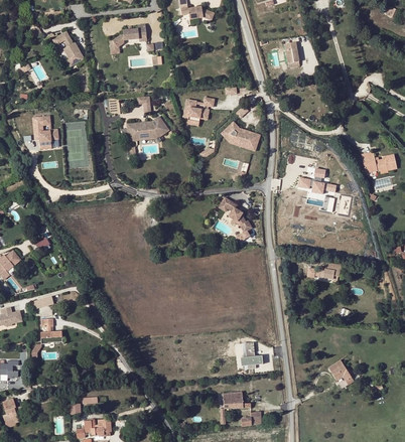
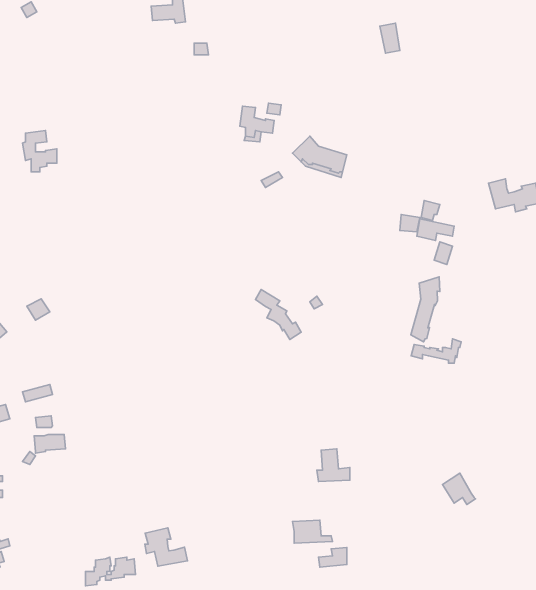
building: [52,31,85,66] -> none
building: [122,117,169,139] -> none
building: [218,197,250,233] -> [255,289,301,339]
building: none -> [411,277,440,342]
building: none -> [145,528,187,566]

